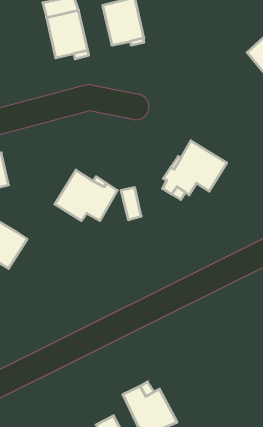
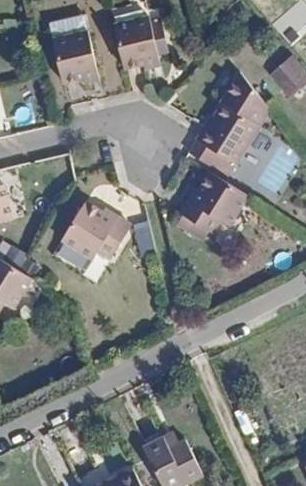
building: none -> [189,69,270,174]

